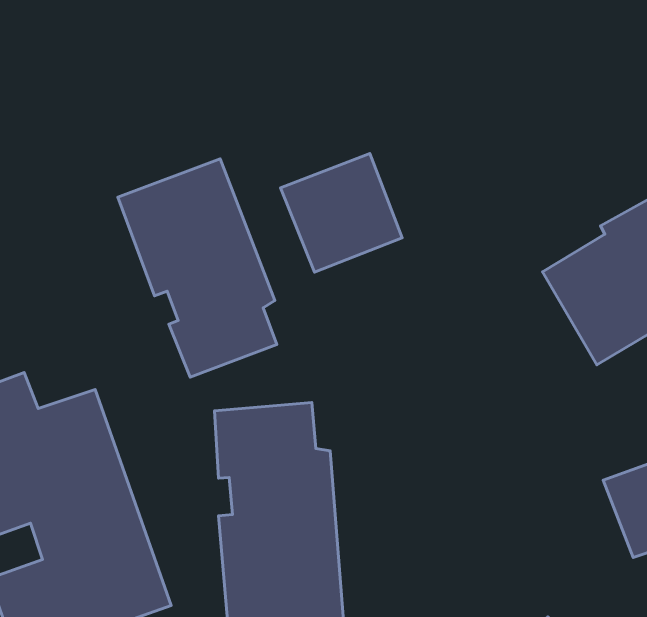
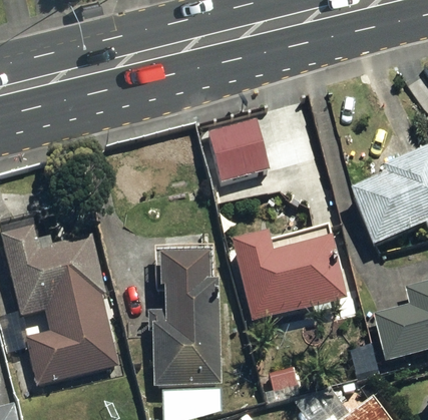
building: [118,159,277,377] -> none
building: none -> [230,231,345,322]

